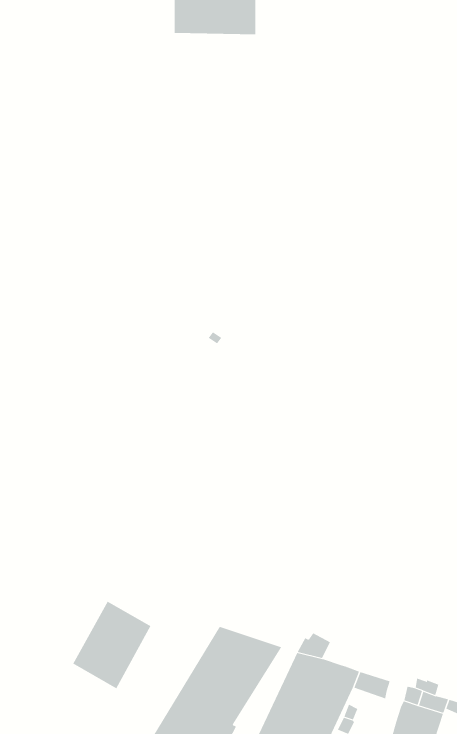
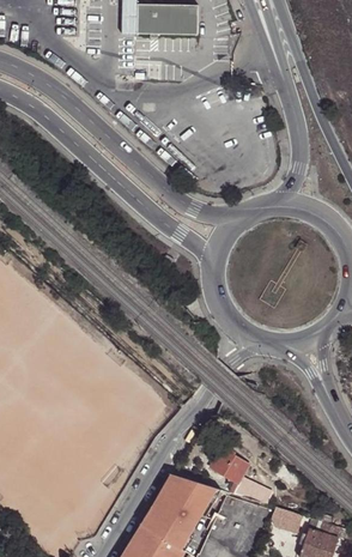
building: none -> [212,448,248,484]
building: [72,601,151,689] -> none

